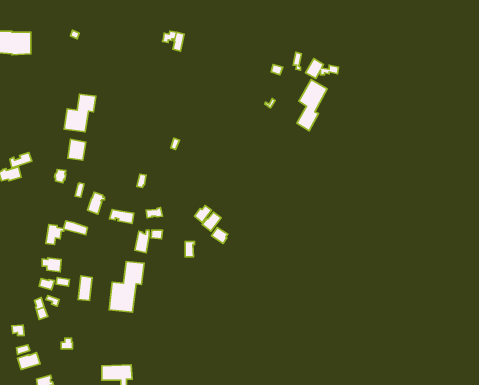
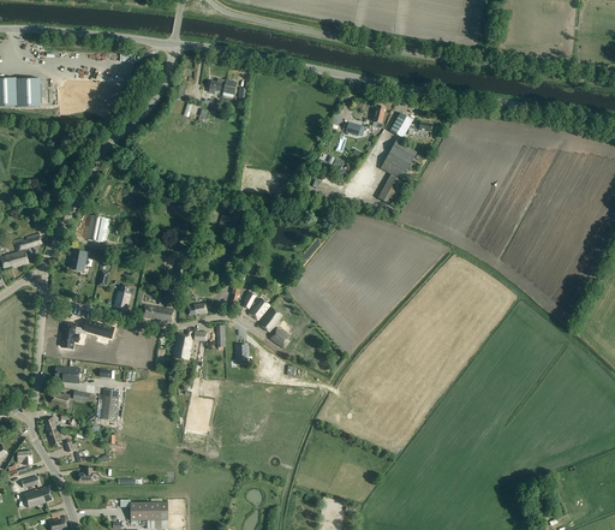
building: [64,94,96,132] -> none
building: [109,262,144,312] -> none

